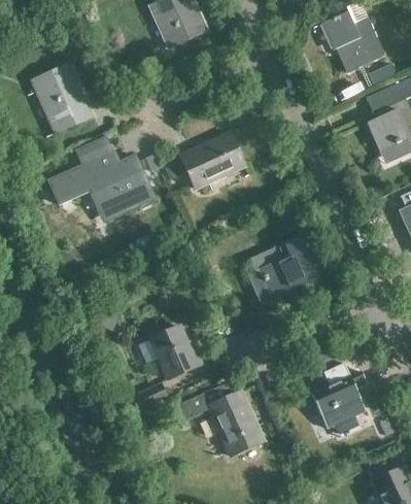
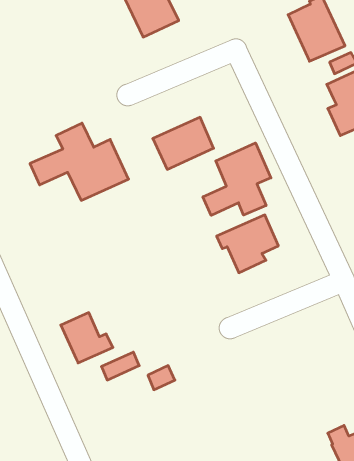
building: [33,63,96,133] -> none
building: none -> [203,143,271,215]
building: [150,326,206,379] -> [61,313,113,363]
building: [312,363,368,429] -> none
building: [208,392,265,457] -> none

